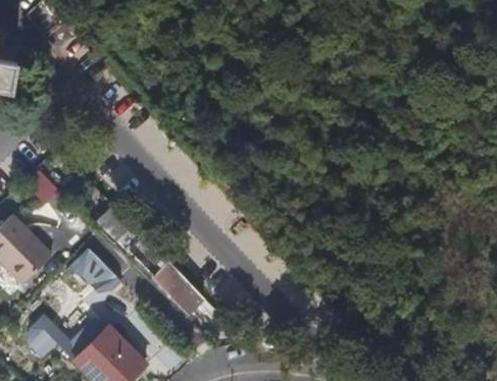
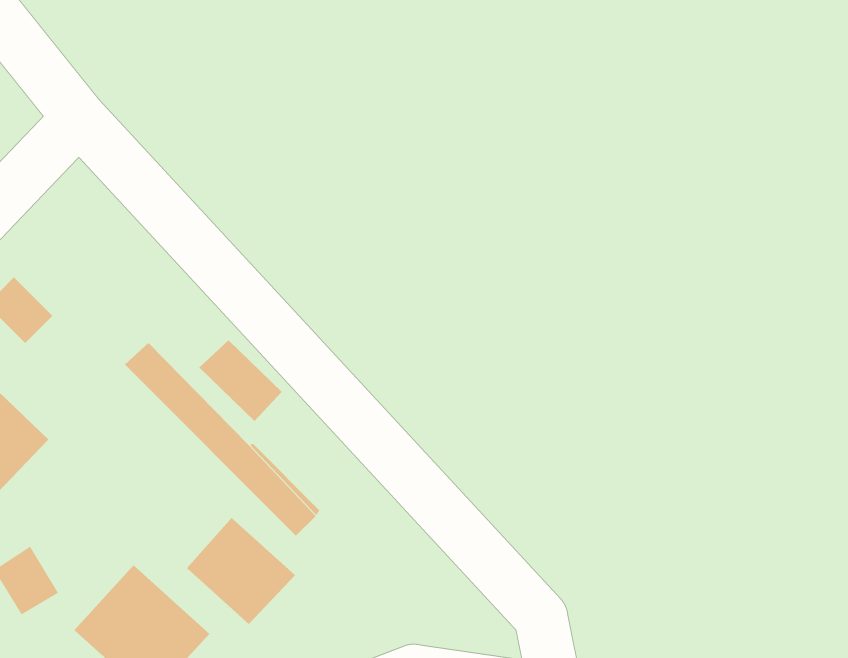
building: [71,249,117,293] -> [199,339,283,422]
building: none -> [186,517,296,625]

